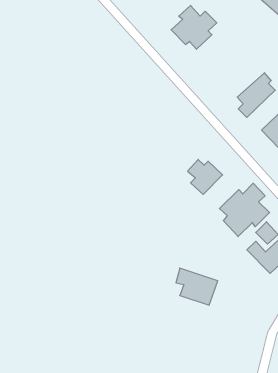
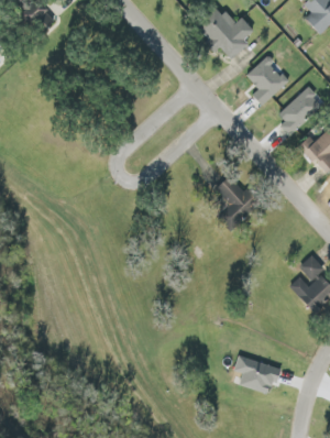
building: none -> [245,55,288,105]
building: [219,183,270,237] -> none
building: [176,268,218,305] -> [233,353,281,395]

